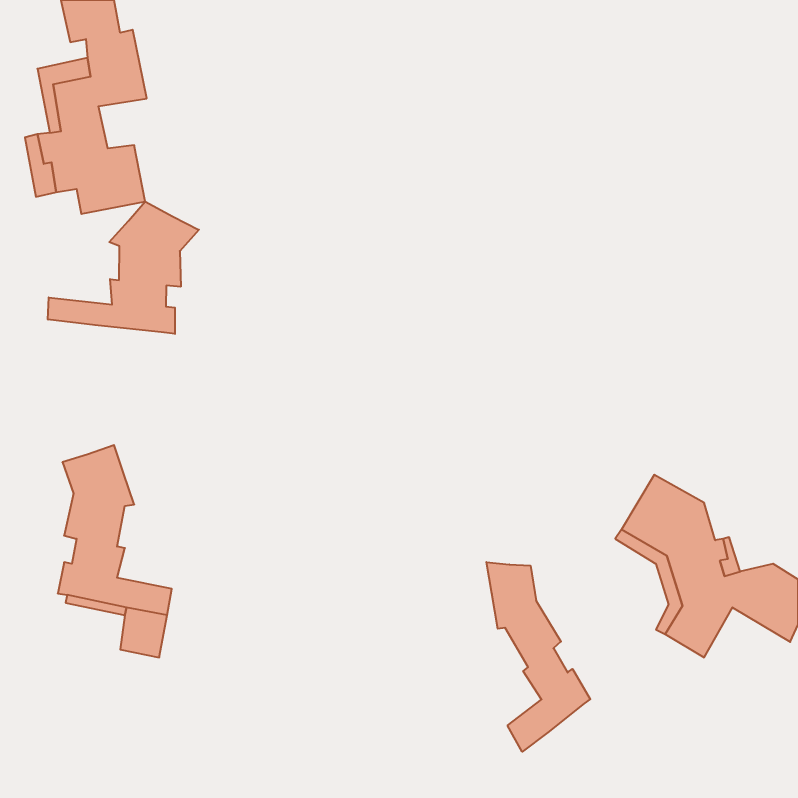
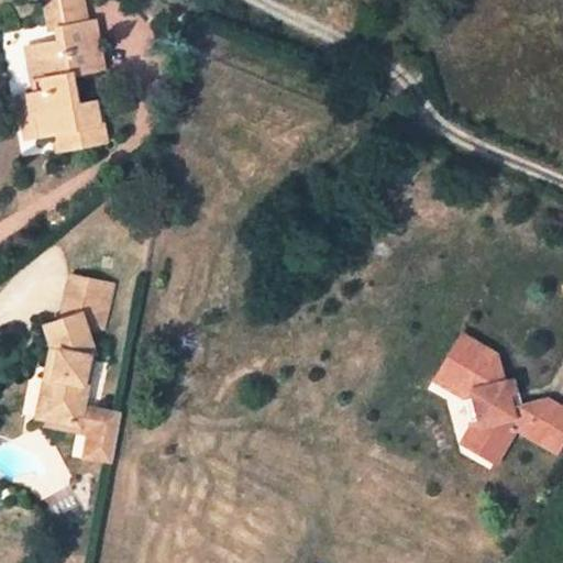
building: [48,201,199,334] -> none
building: none -> [62,276,112,333]
building: [486,562,590,752] -> none

